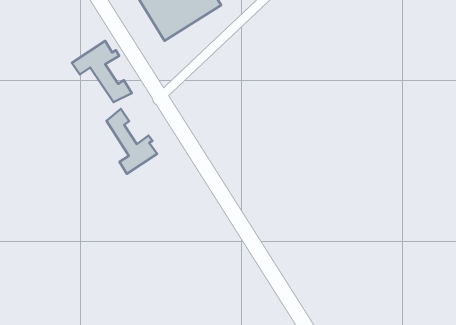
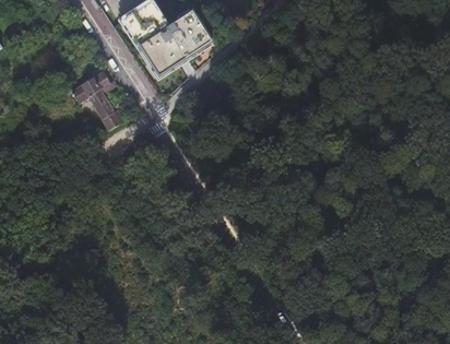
building: [107,109,157,174] -> none

